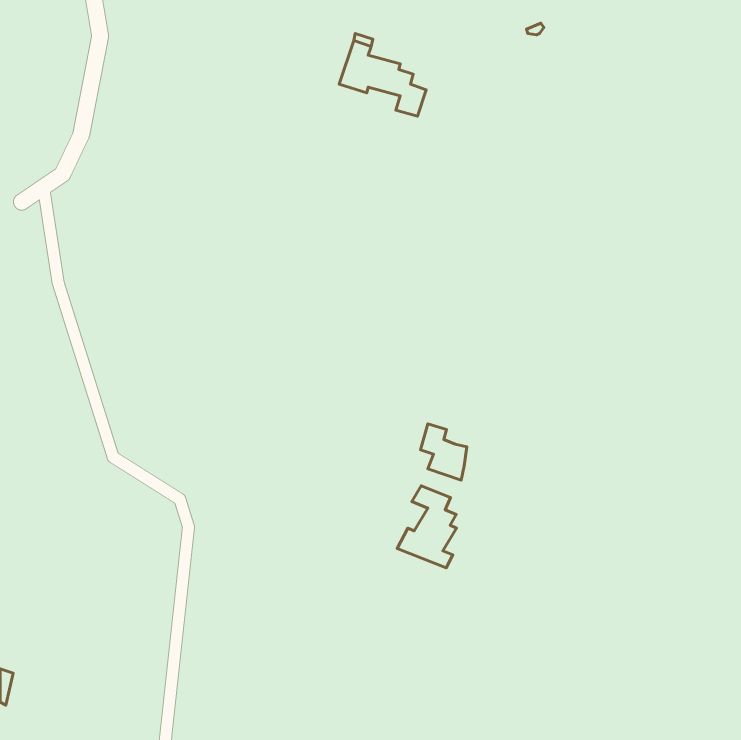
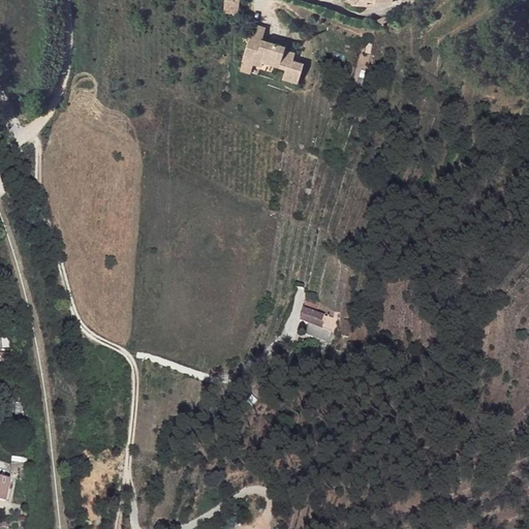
building: [397,486,457,568] -> none

